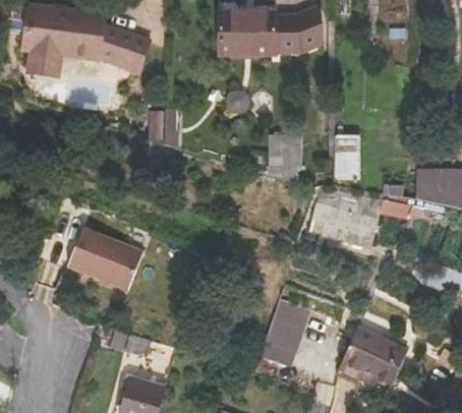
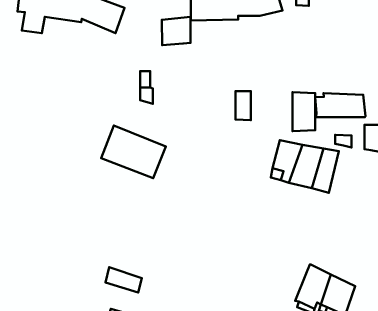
building: none -> [162,17,191,45]
building: none -> [315,93,365,117]
building: [69,227,141,286] -> [101,126,166,178]
building: [262,317,300,351] -> none

